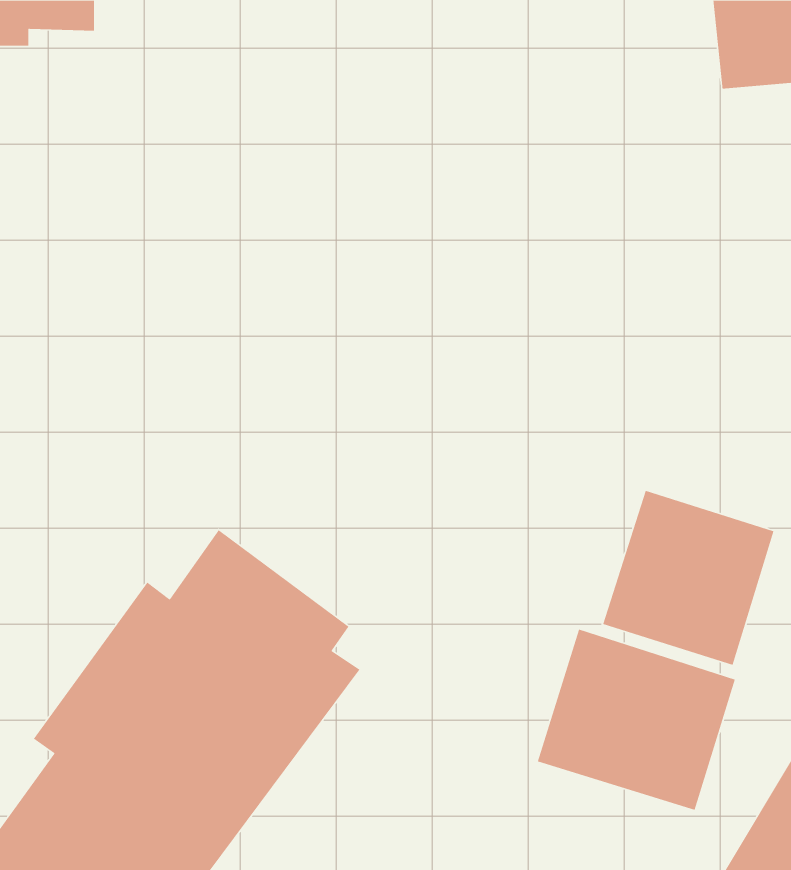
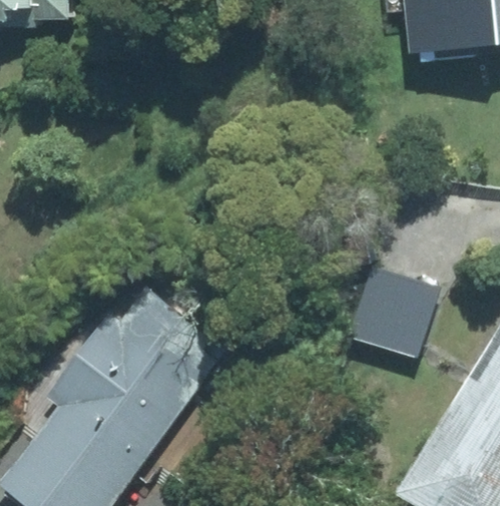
building: [537,629,736,811] -> none

